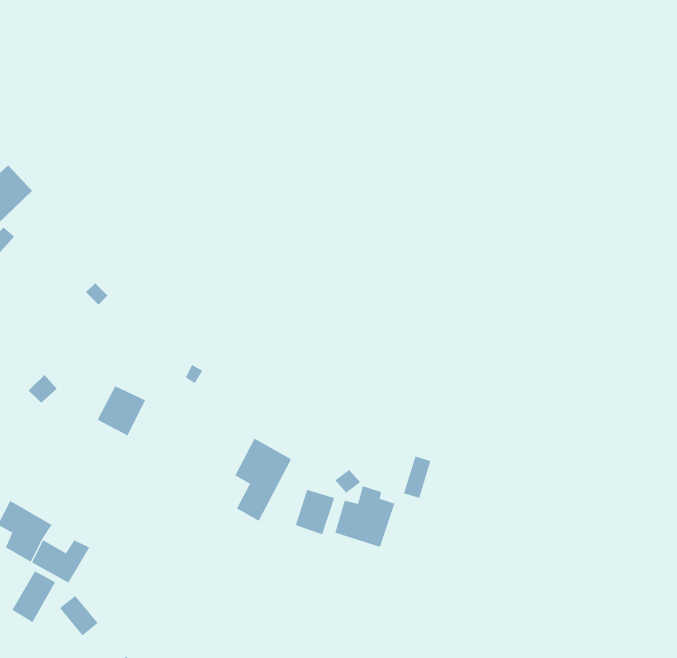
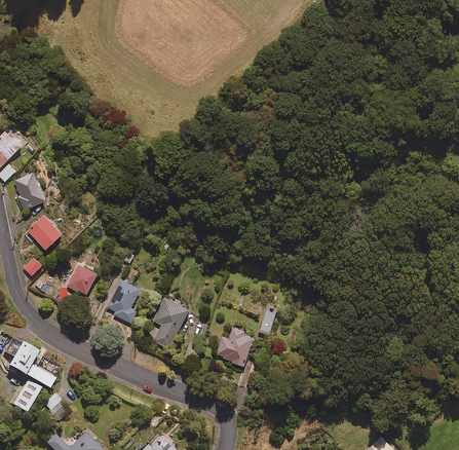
building: none -> [15,173,46,210]
building: none -> [26,215,62,250]
building: none -> [107,279,141,323]
building: [295,489,335,535] -> none

